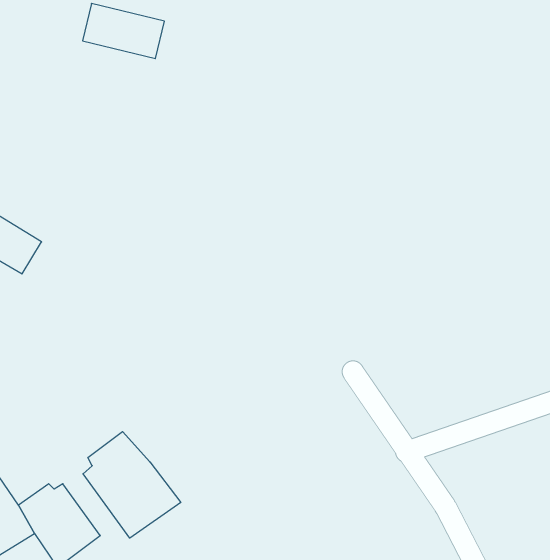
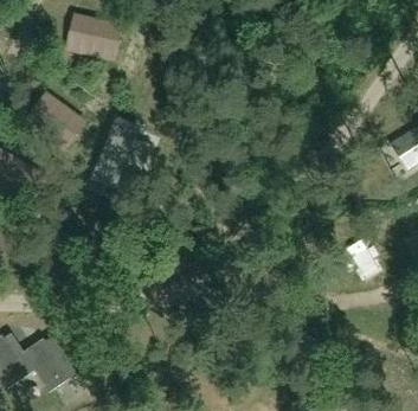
building: none -> [27,92,83,143]
building: [83,432,181,538] -> none

